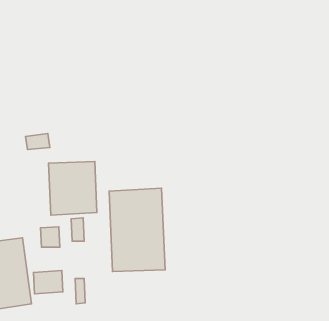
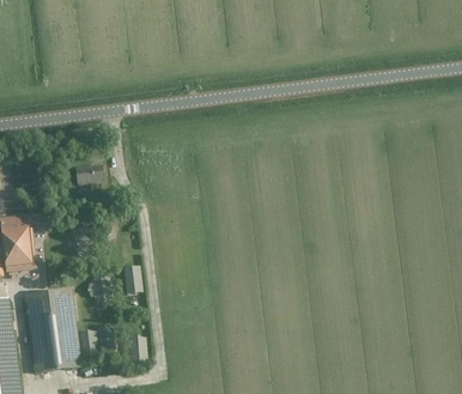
building: [48,162,97,215] -> none
building: [109,188,165,271] -> none

